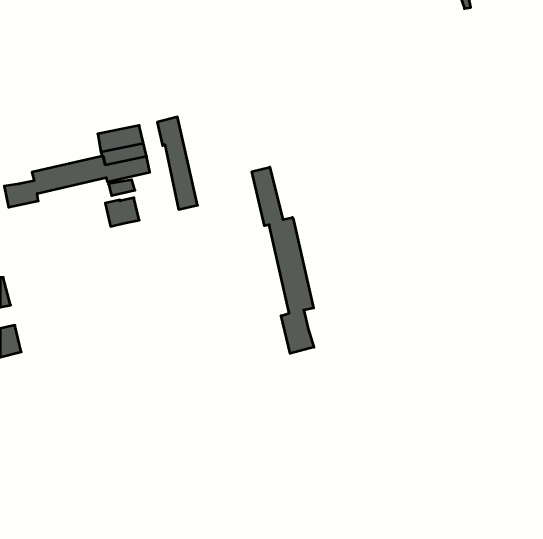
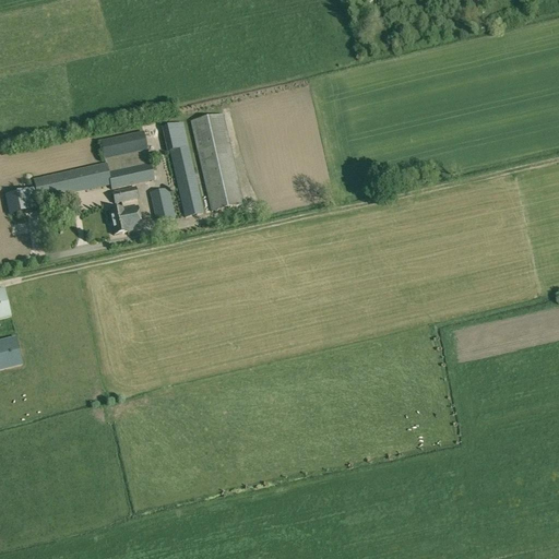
building: none -> [190,111,243,210]
building: [252,167,314,353] -> none
building: none -> [150,186,176,219]

